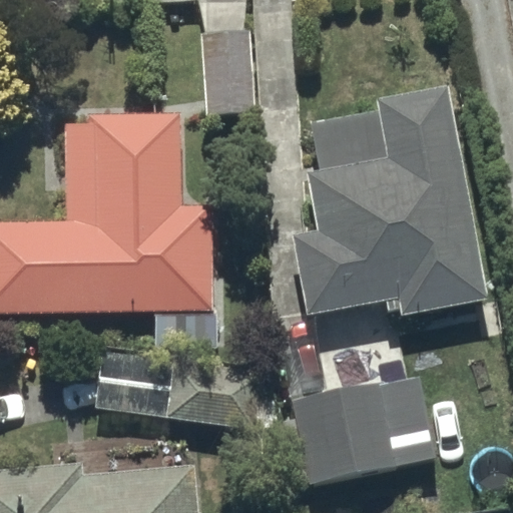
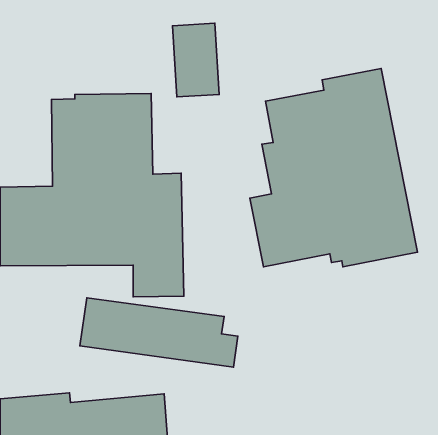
building: [278,377,436,485] -> none

